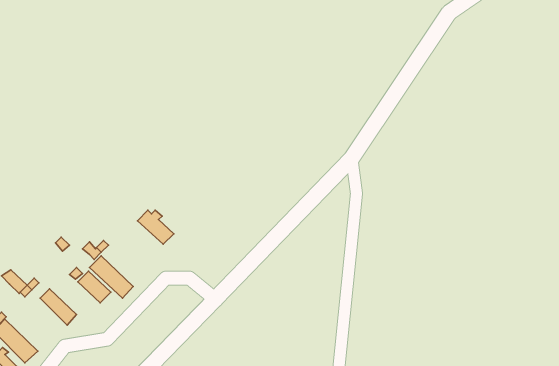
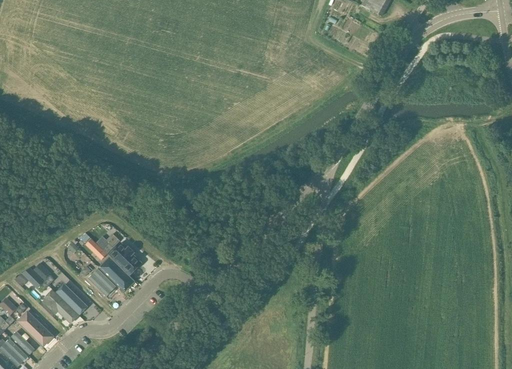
building: [137,210,174,244] -> [110,245,141,274]
building: none -> [43,288,77,323]

